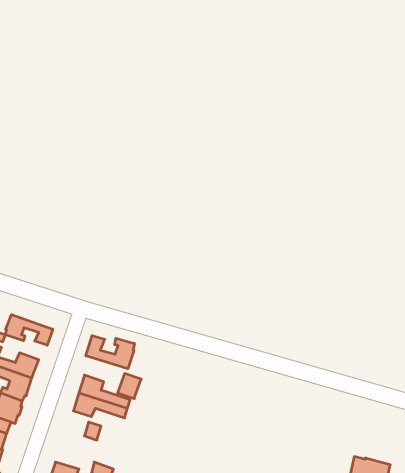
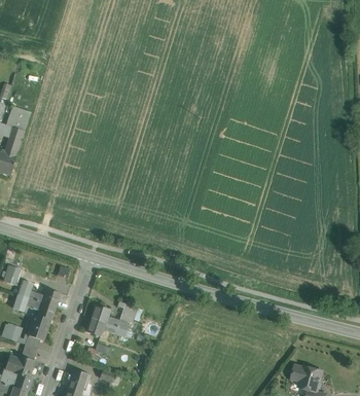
building: [6,315,53,345] -> none
building: [86,336,134,369] -> none

